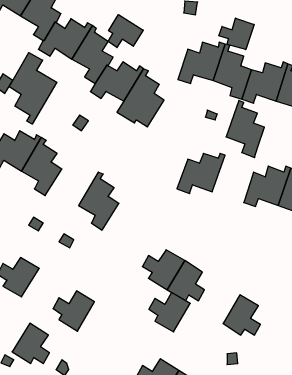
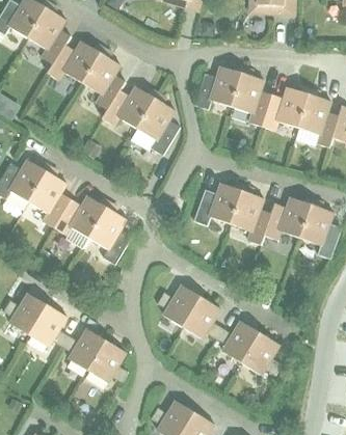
building: [108,15,143,48] -> none
building: [219,18,254,50] -> none
building: [9,53,57,124] -> none
building: [226,101,264,158] -> [232,185,272,245]
building: none -> [55,195,111,249]
building: [149,293,190,332] -> [217,321,261,362]
building: none -> [89,339,130,382]
building: [12,323,49,364] -> [30,304,70,347]

